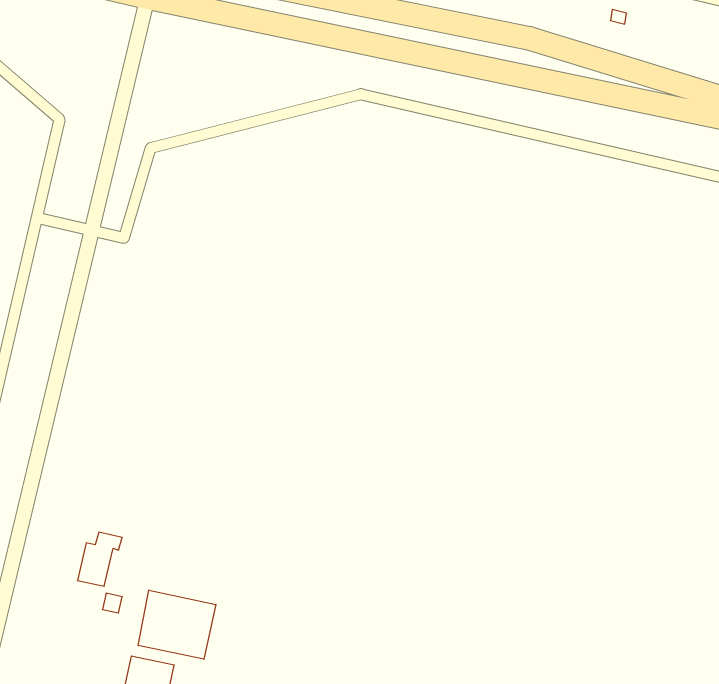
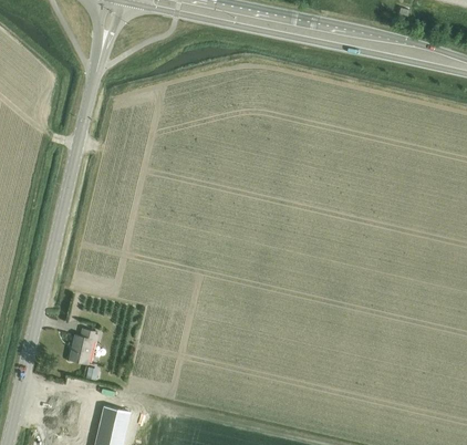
building: [138,590,216,659] -> none

